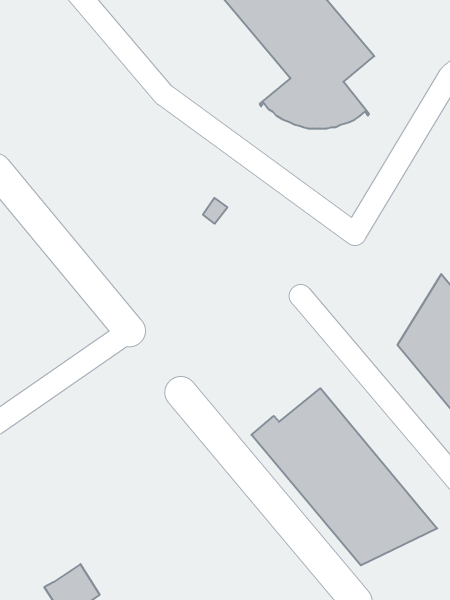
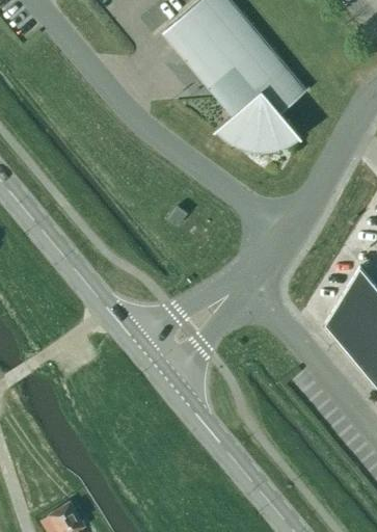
building: [251,388,437,565] -> none

